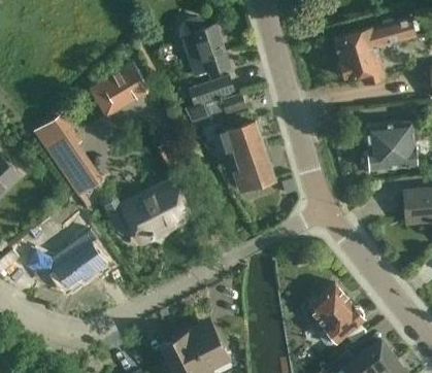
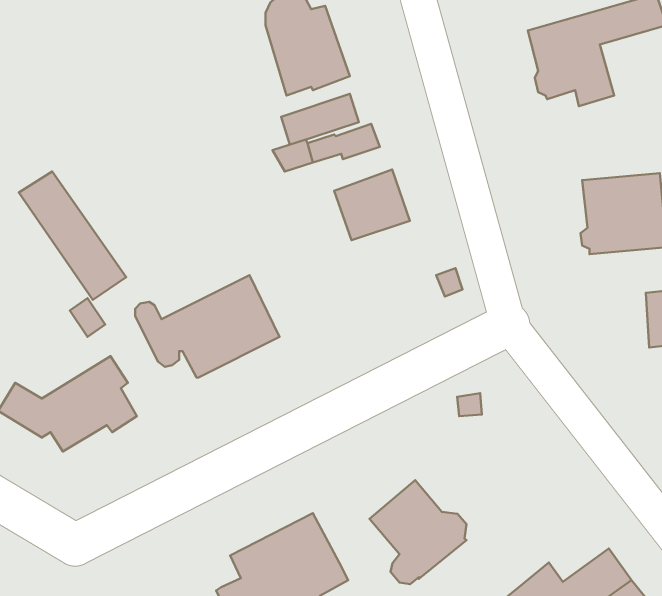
building: [88,61,151,116] -> none
building: [231,149,274,190] -> none
building: [308,285,365,346] -> [370,480,466,584]

